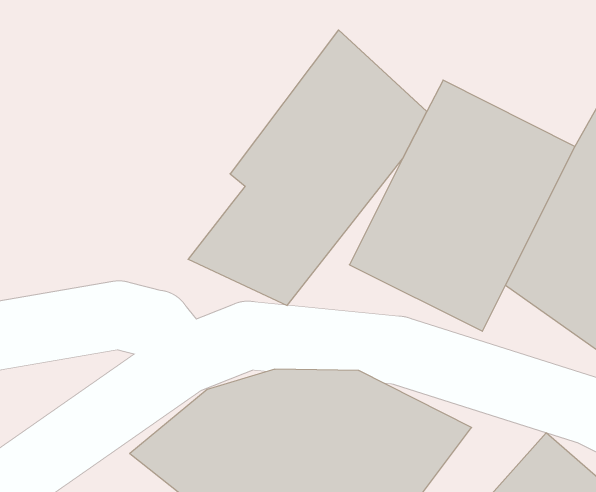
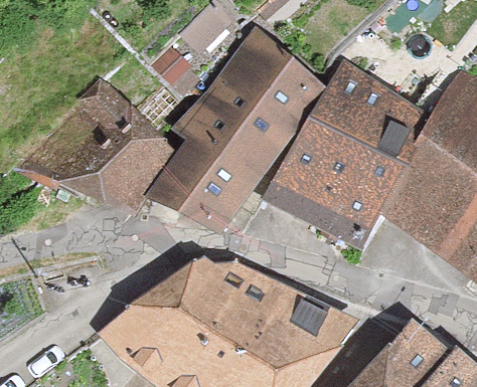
building: none -> [28,75,177,212]

